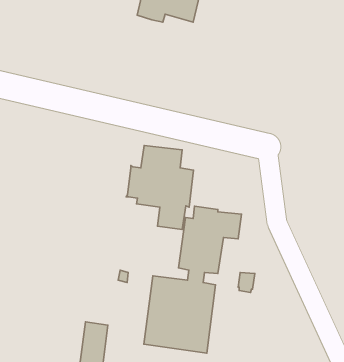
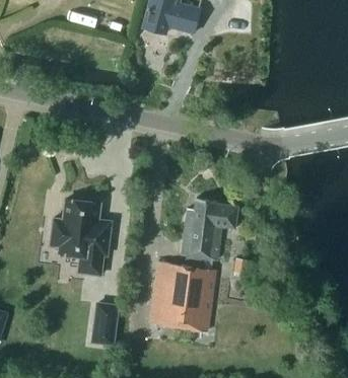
building: [126,145,194,230] -> [50,200,111,276]

